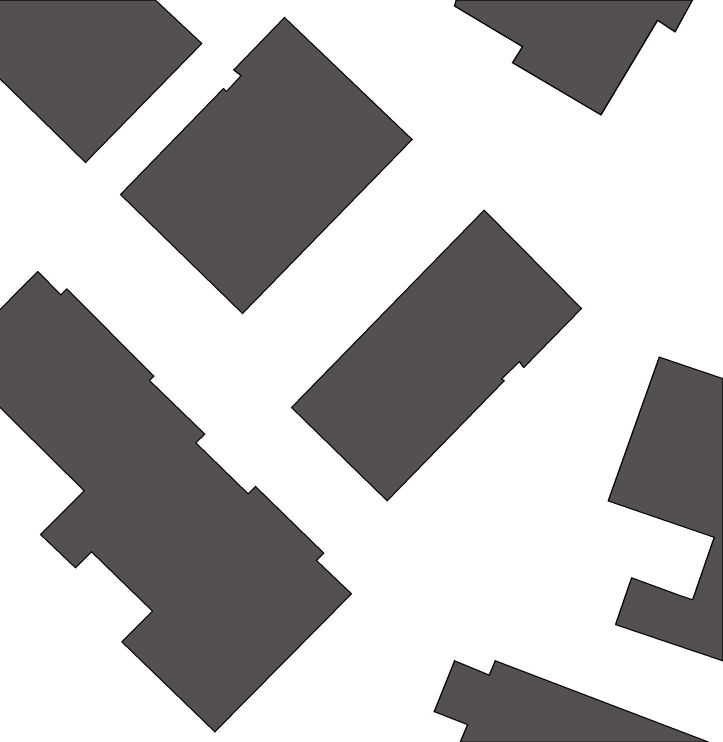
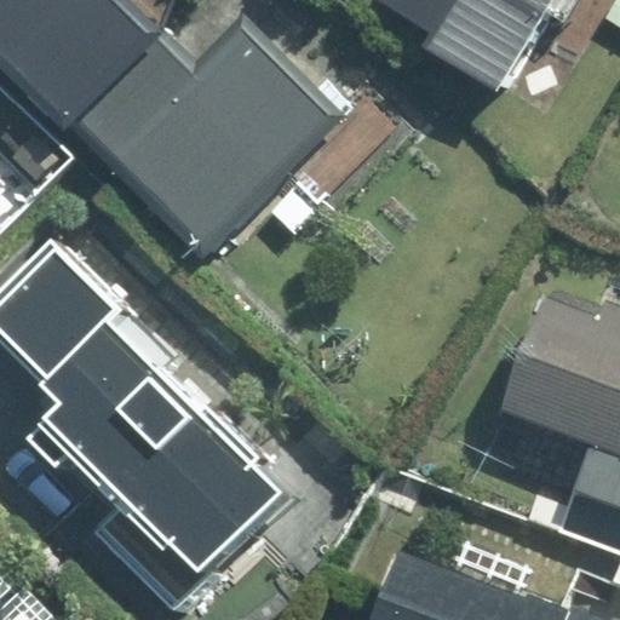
building: [292,210,582,501] -> none

